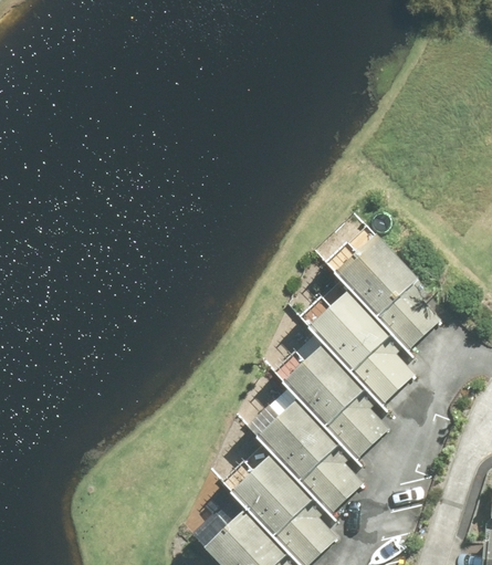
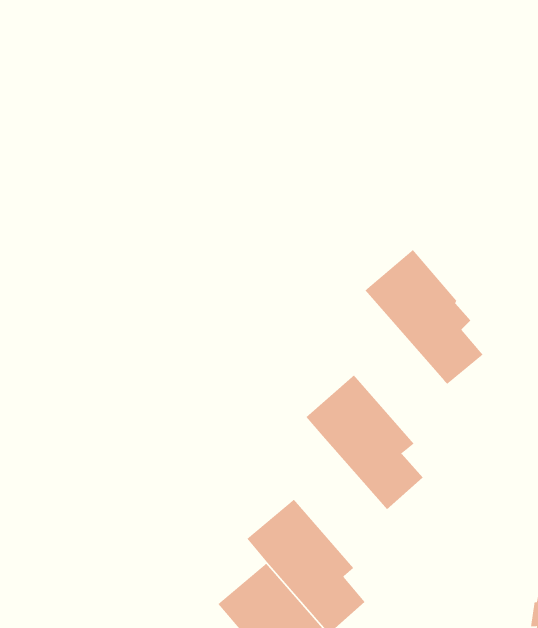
building: [308,284,412,404] -> none
building: [254,394,359,513] -> none

